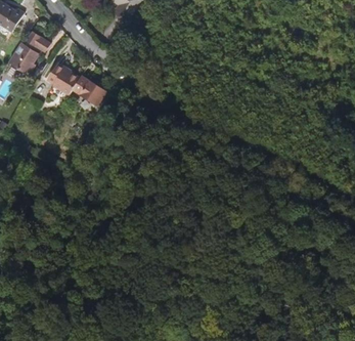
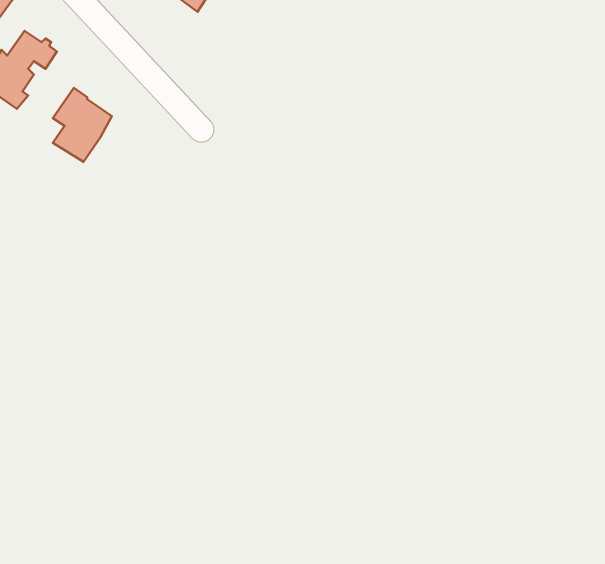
building: [72,76,102,103] -> none

